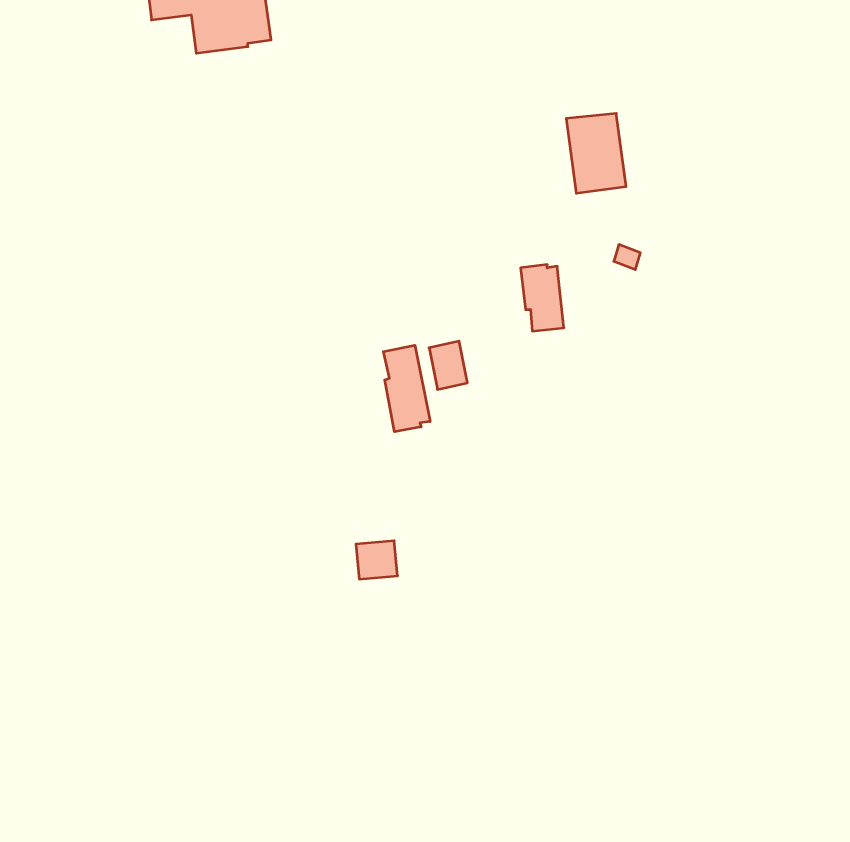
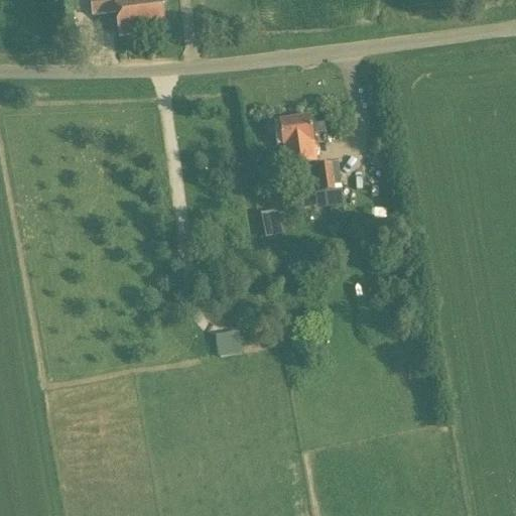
building: [566,113,626,193] -> [279,115,315,163]
building: [383,345,430,432] -> none

